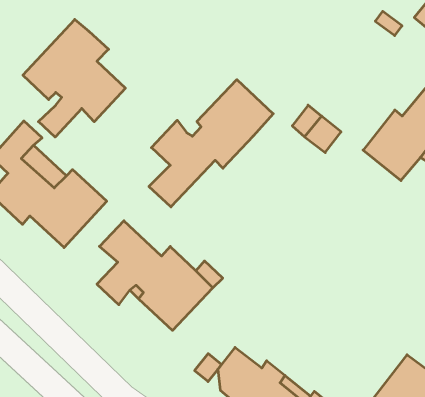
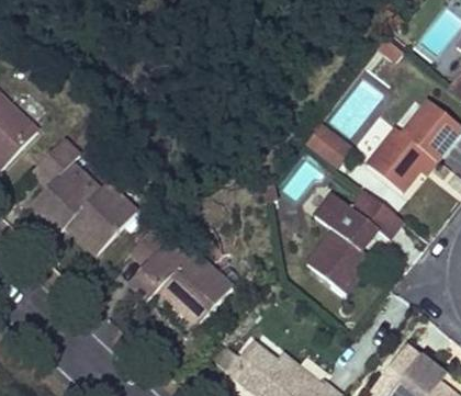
building: [23,19,125,137] -> none
building: [149,80,273,207] -> none
building: none -> [307,190,403,293]

